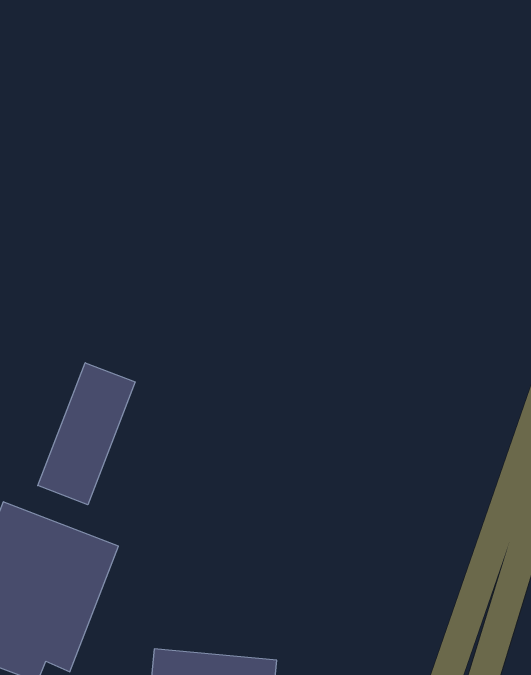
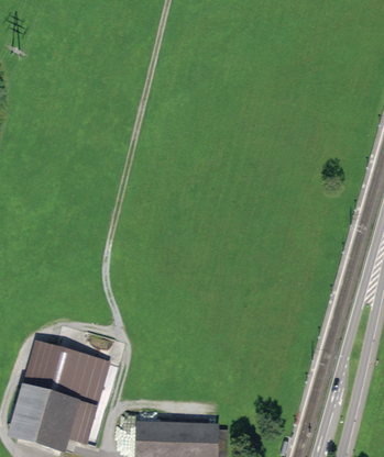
building: [38,363,135,505] -> none

